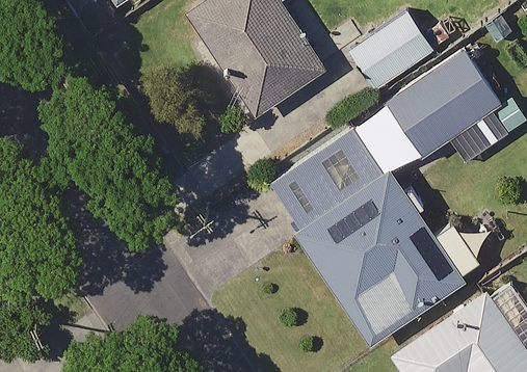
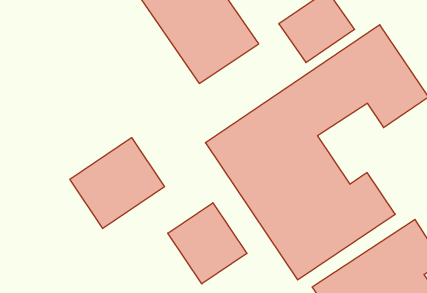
building: none -> [70,138,164,229]
building: none -> [168,203,247,284]

